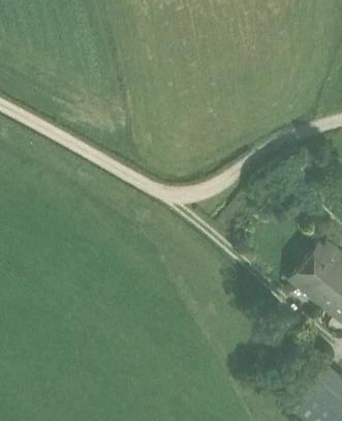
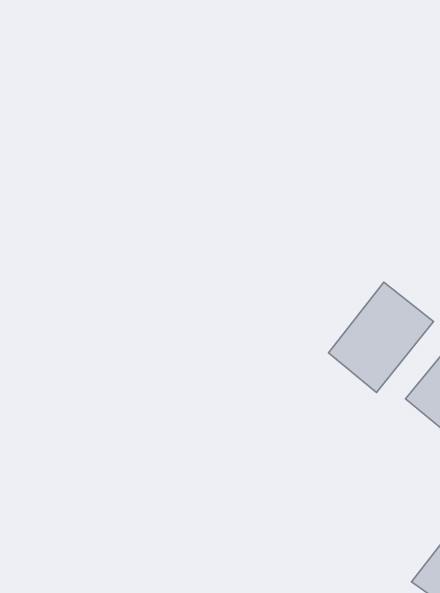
building: none -> [328,282,434,393]

